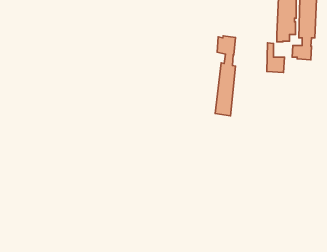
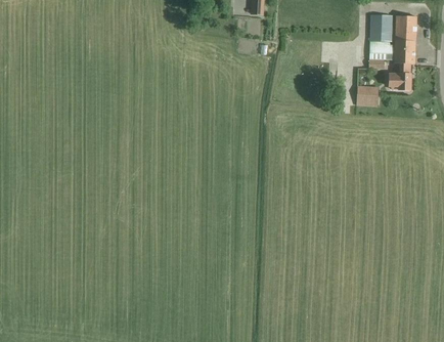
building: [215,36,236,116] -> none

